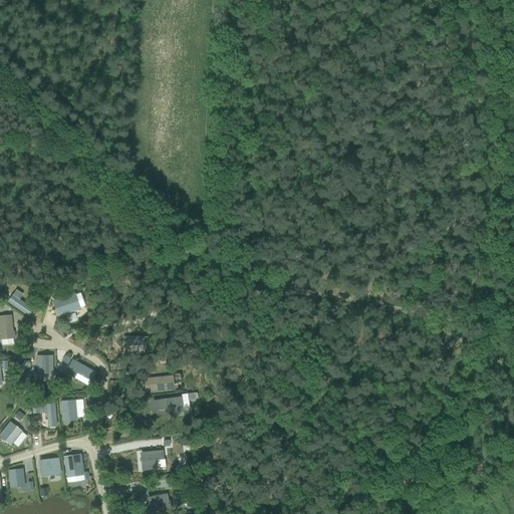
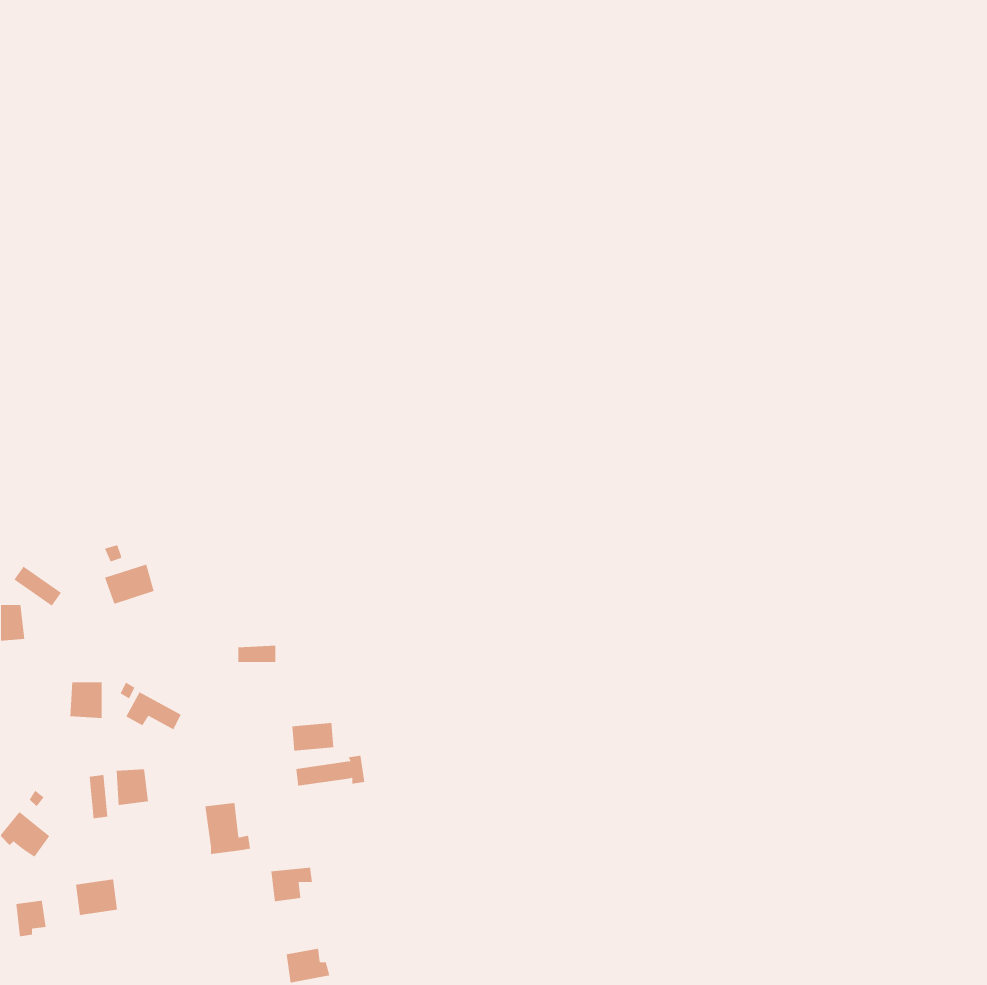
building: [64,454,88,481] -> [204,802,251,855]

